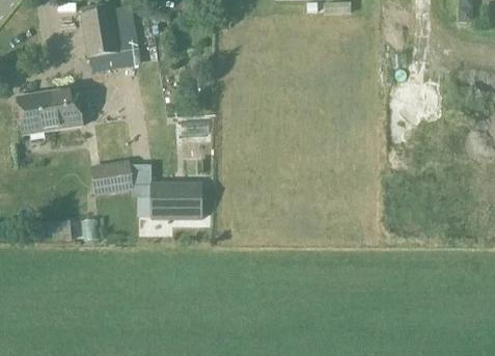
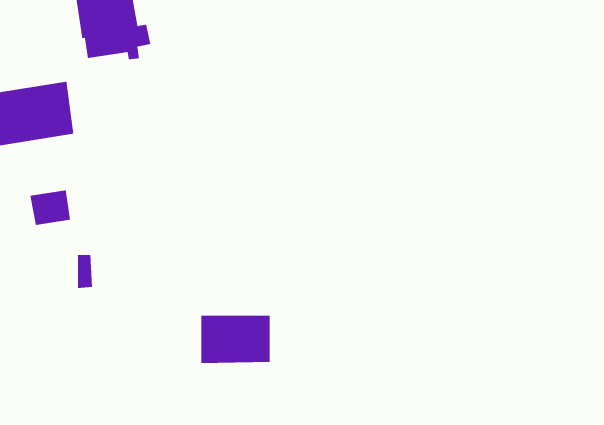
building: [103,159,133,185] -> [29,190,71,225]
building: [146,181,197,216] -> [201,315,270,364]

